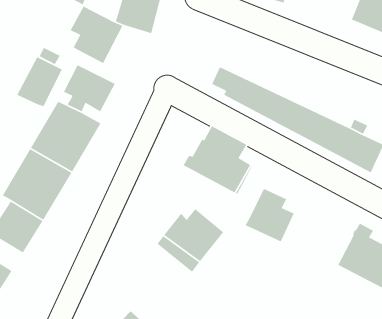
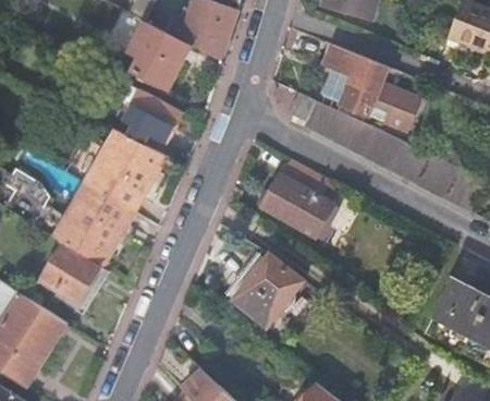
building: none -> [321,45,421,129]
building: [16,56,63,107] -> none
building: [245,188,295,243] -> none

